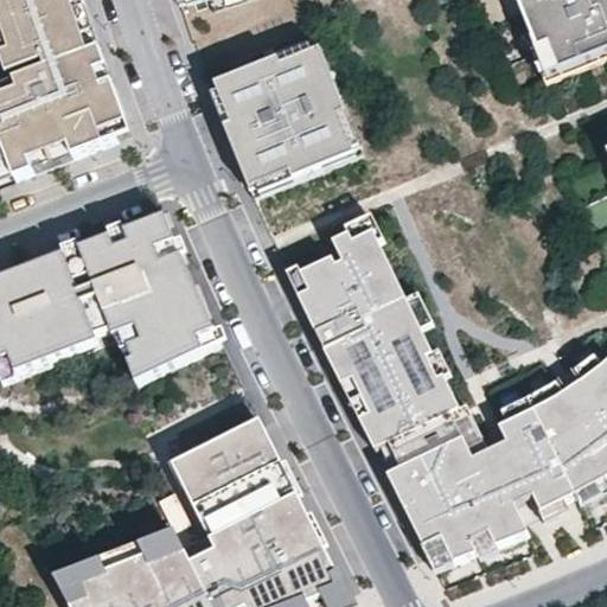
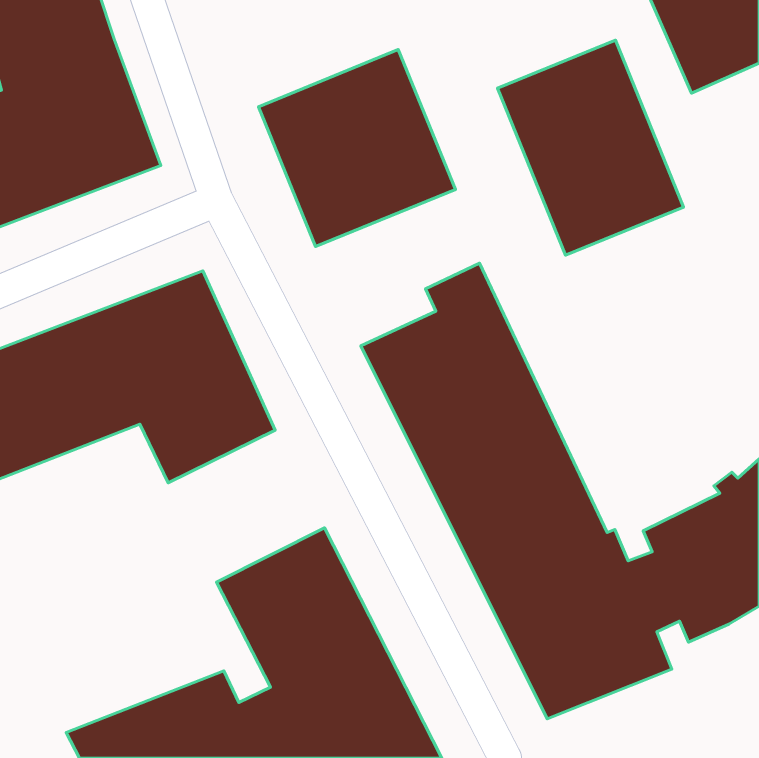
building: none -> [497,40,684,255]

